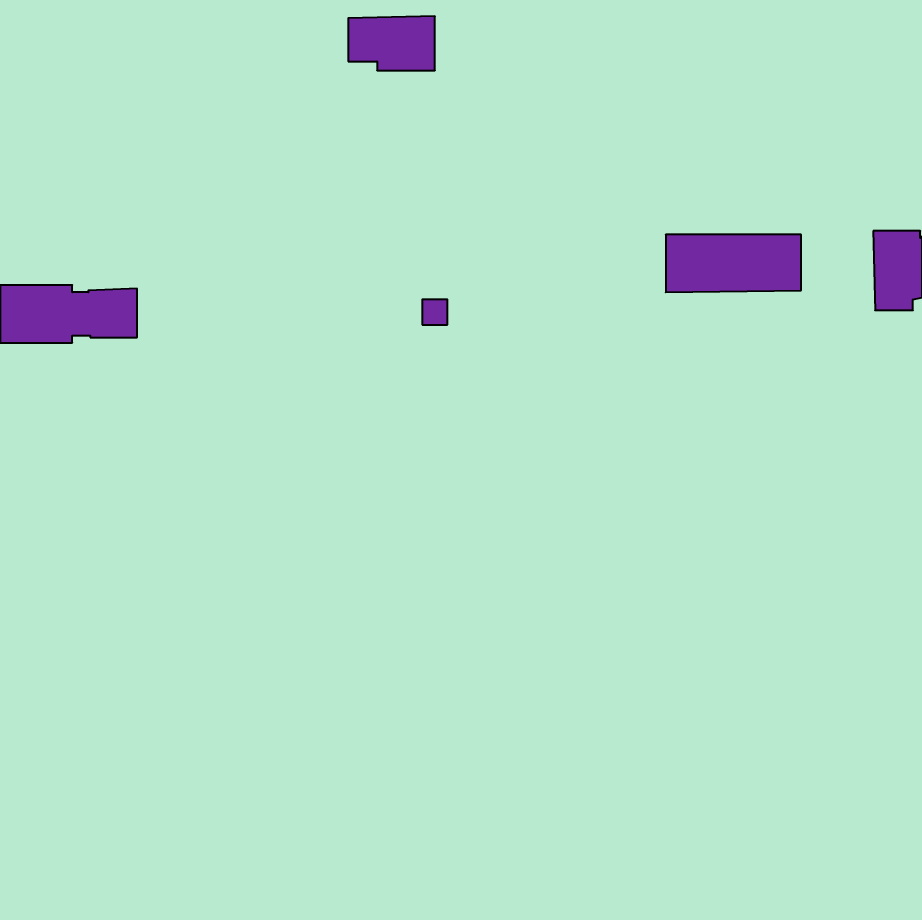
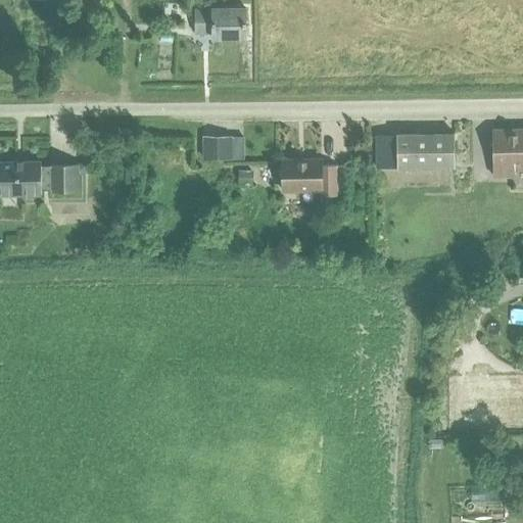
building: none -> [202,137,232,160]
building: none -> [282,159,335,196]

